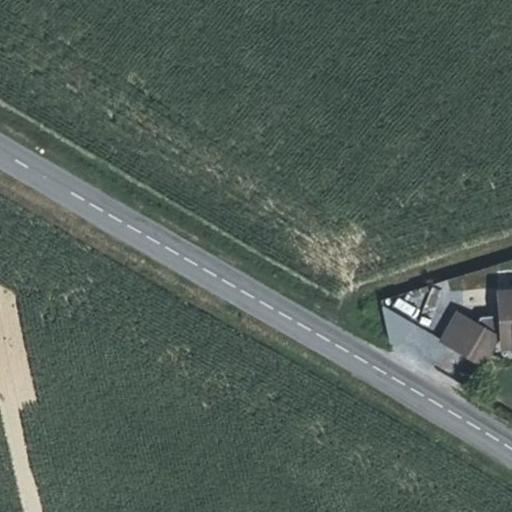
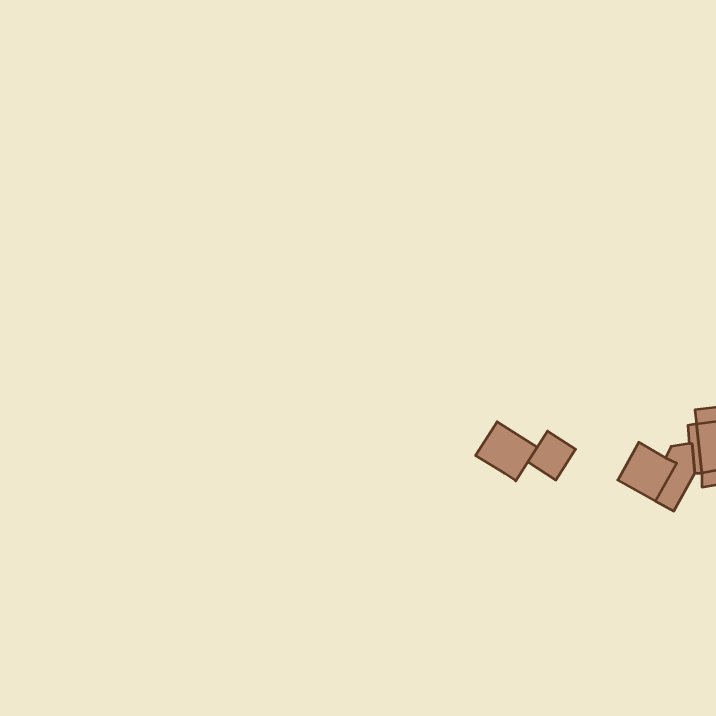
building: none -> [476,422,537,481]

